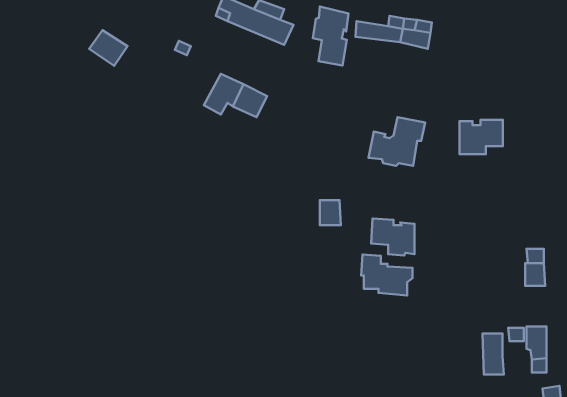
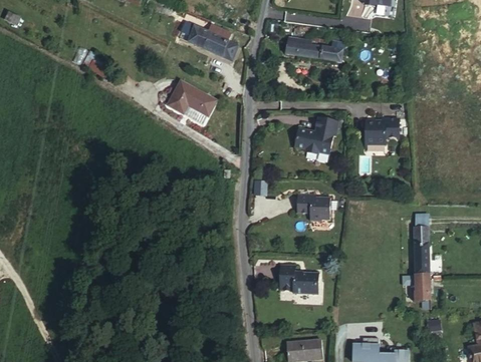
building: [313,6,349,66] -> none
building: [361,255,413,295] -> [279,264,318,295]
building: [483,334,504,374] -> [415,244,431,275]

